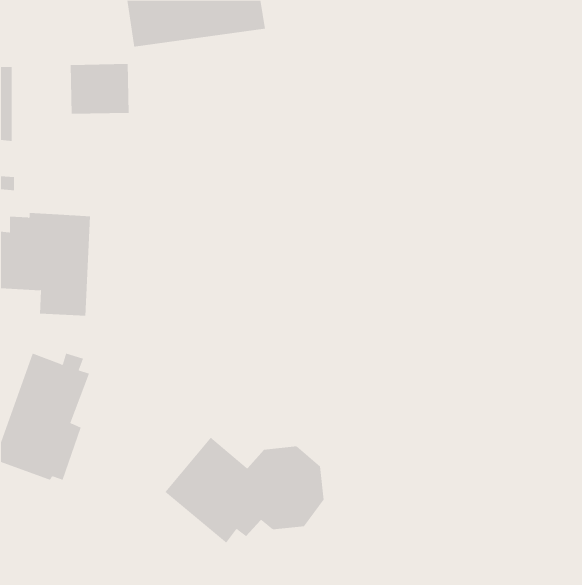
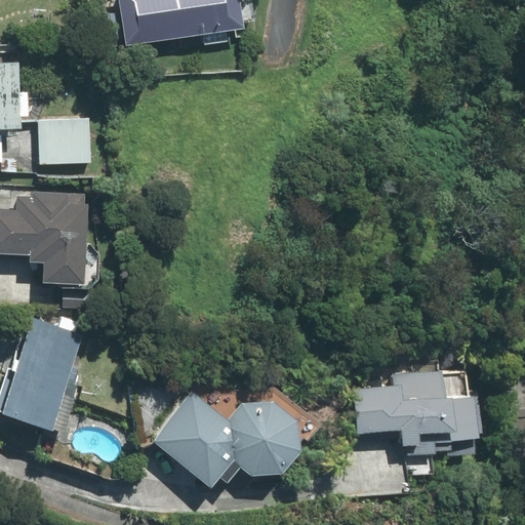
building: [70,64,130,114] -> [40,120,93,165]
building: none -> [351,370,481,476]

